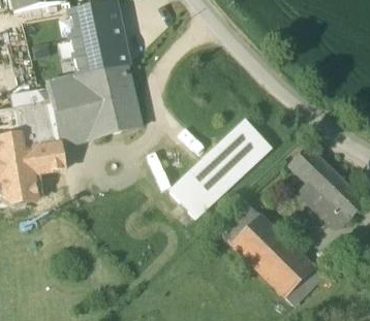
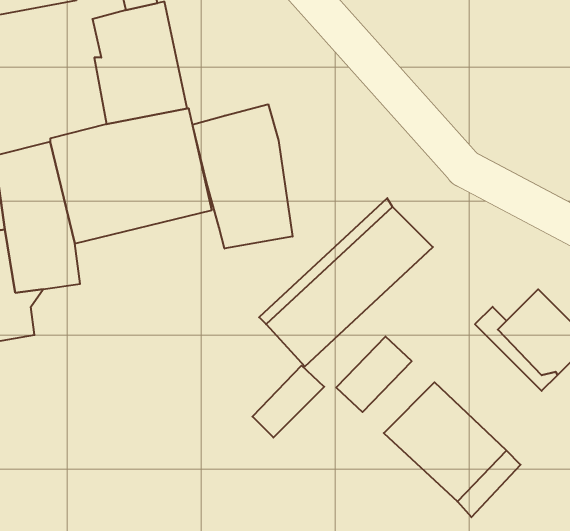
building: none -> [192,104,293,249]
building: [289,145,334,190] -> none
building: [230,214,273,256] -> [252,366,324,438]

